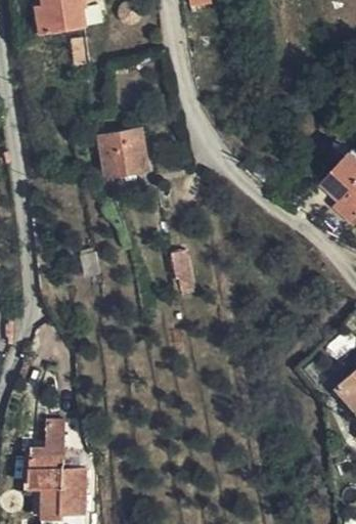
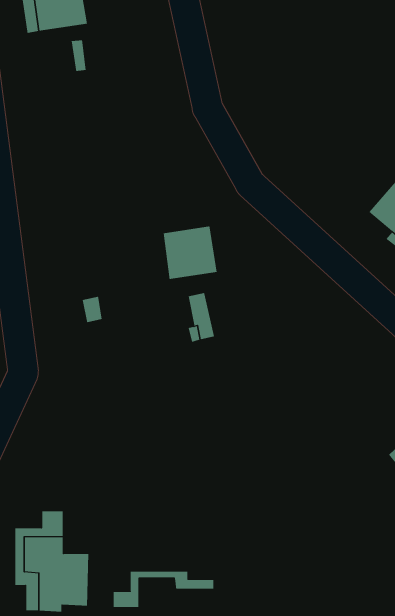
building: [99,129,145,174] -> [163,226,218,279]
building: none -> [113,571,214,608]

